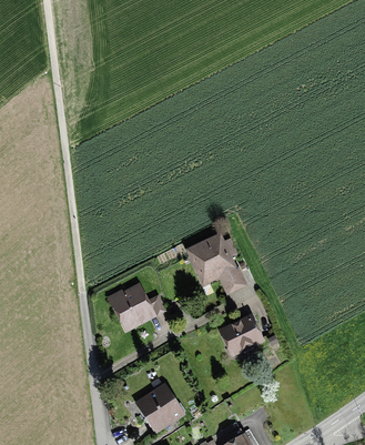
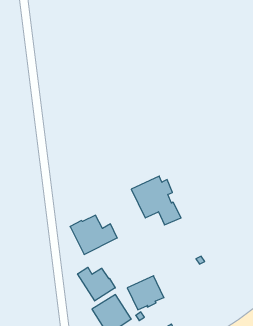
building: [217,313,264,356] -> [127,276,164,310]
building: none -> [78,267,115,301]

